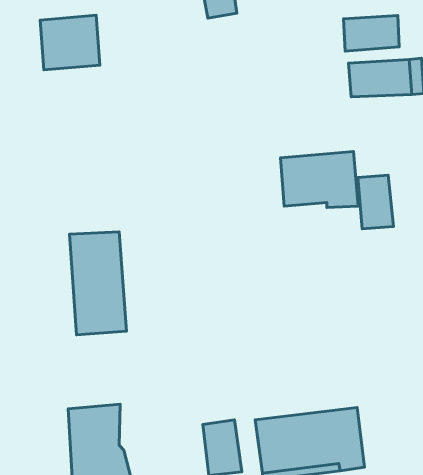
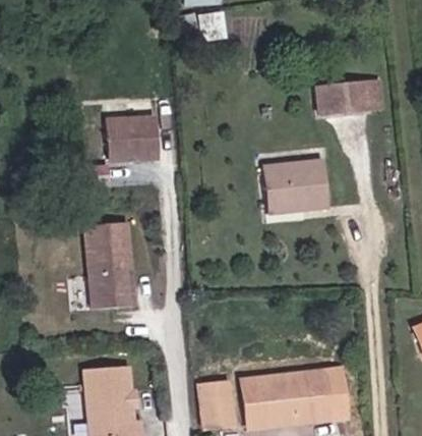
building: [40,15,100,70] -> [105,117,155,163]
building: [344,15,399,51] -> none
building: [358,175,393,229] -> none

